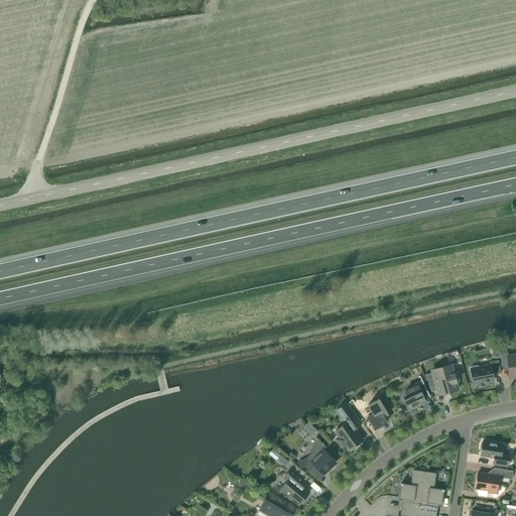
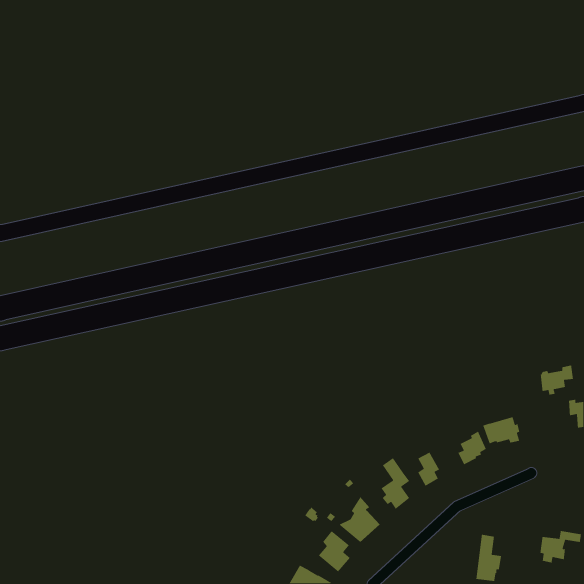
building: [471,360,501,387] -> [540,365,574,395]
building: [481,440,510,467] -> none
building: [400,470,424,511] -> none

